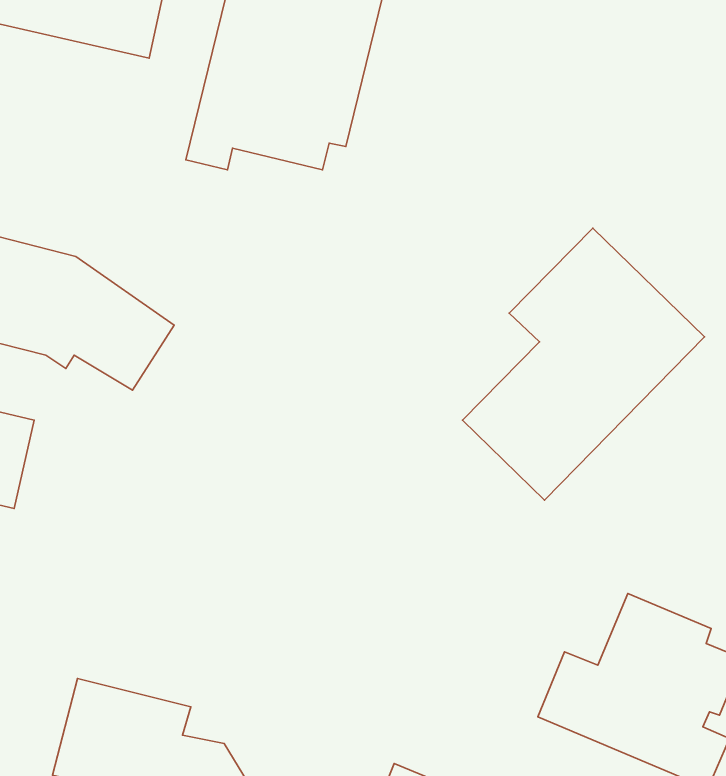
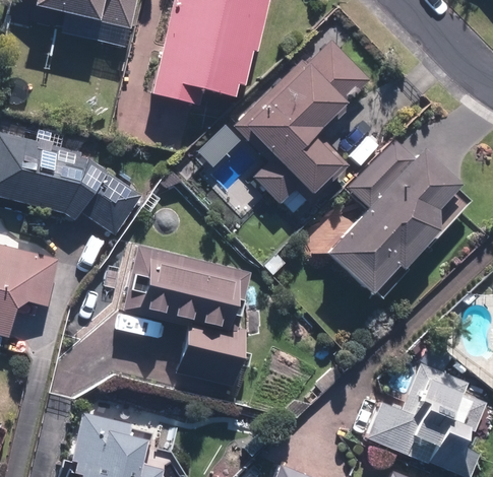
building: none -> [236,41,356,207]
building: none -> [123,245,253,383]

